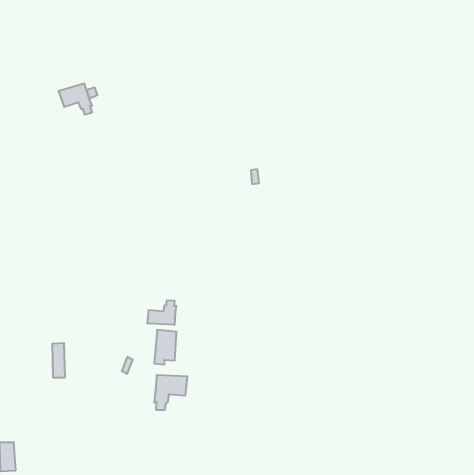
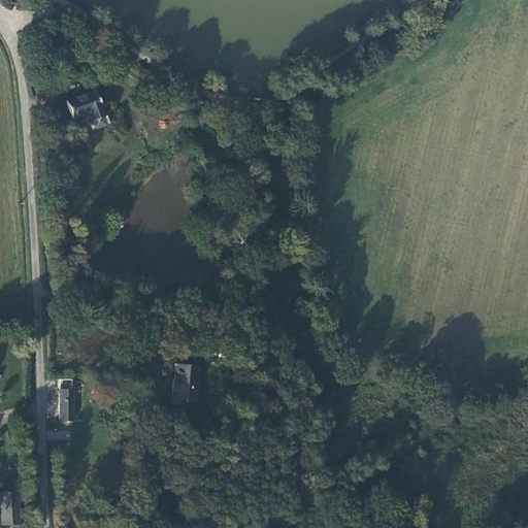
building: [147,300,176,325] -> none
building: [154,375,187,410] -> none

